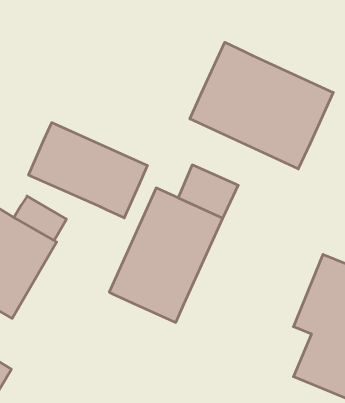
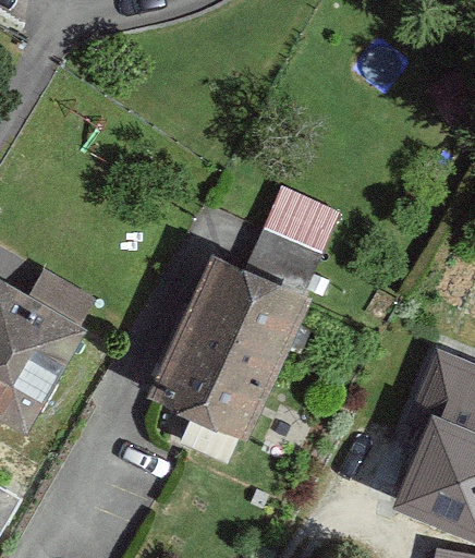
building: [190,42,333,169] -> none
building: [29,123,147,218] -> none

